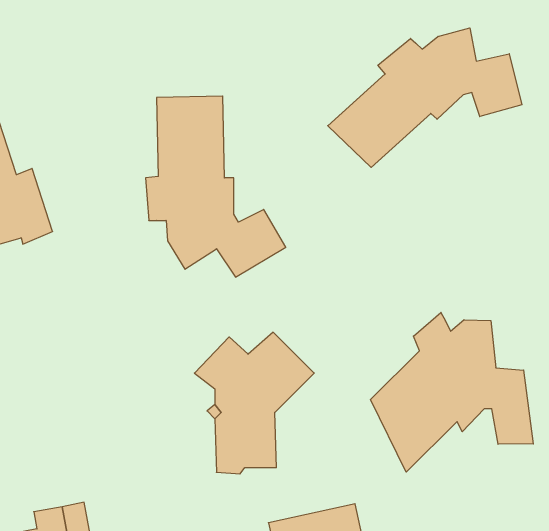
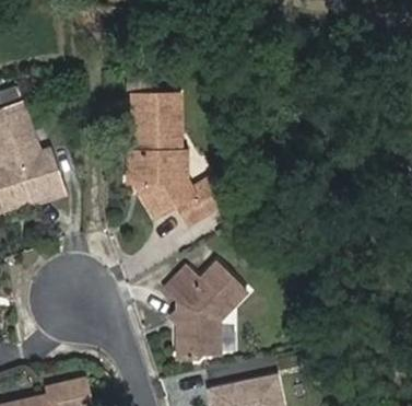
building: [328,28,522,167] -> none
building: [371,312,533,472] -> none

